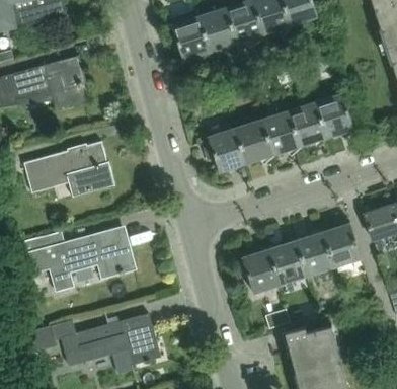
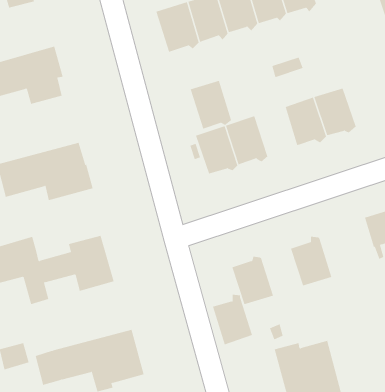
building: [263,110,302,156] -> [190,80,232,130]
building: [323,220,362,266] -> none
building: [269,237,307,284] -> [212,294,253,345]

